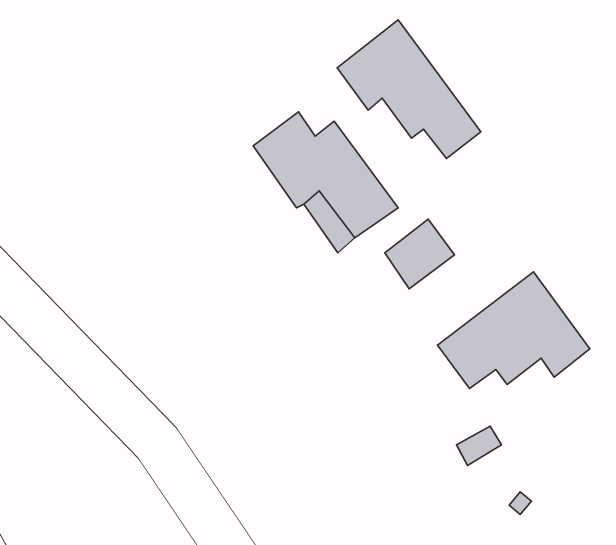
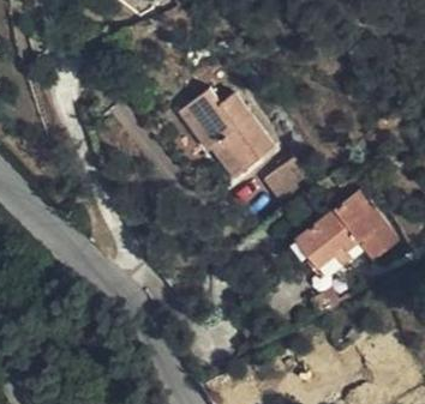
building: [337,20,481,158] -> none

